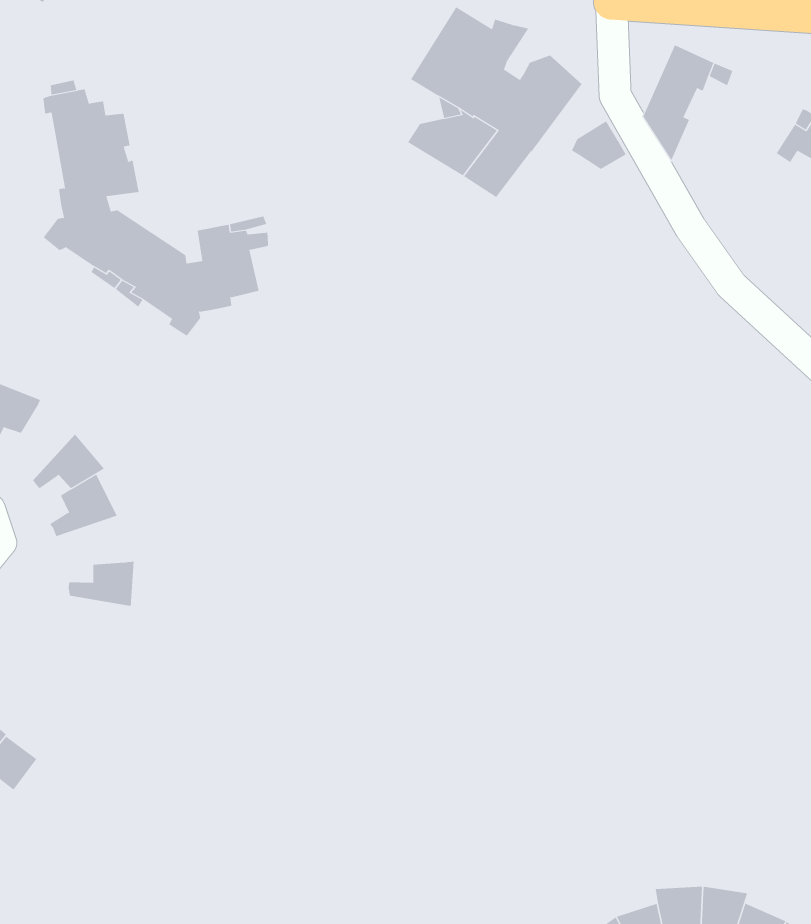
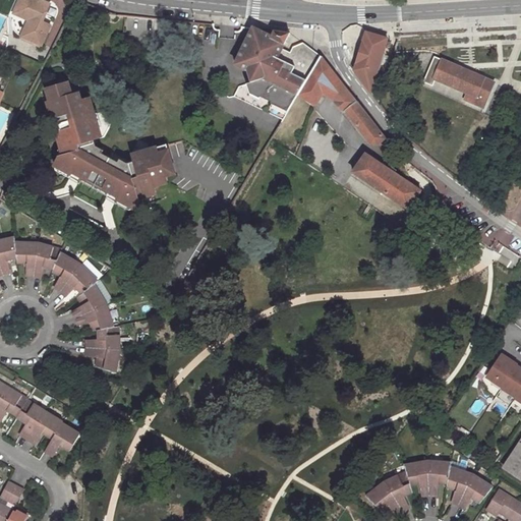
building: none -> [298,56,335,105]
building: none -> [335,90,391,148]
building: none -> [353,153,419,207]
building: none -> [52,251,80,290]
building: none -> [76,303,113,330]
building: none -> [84,347,119,371]

